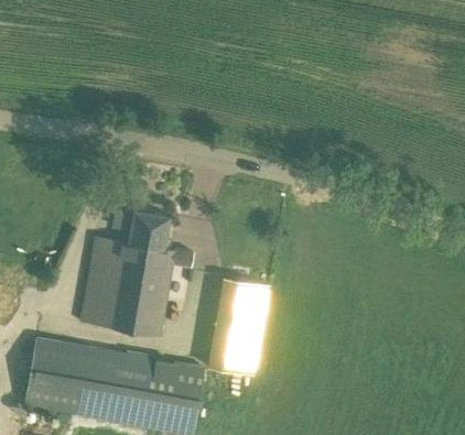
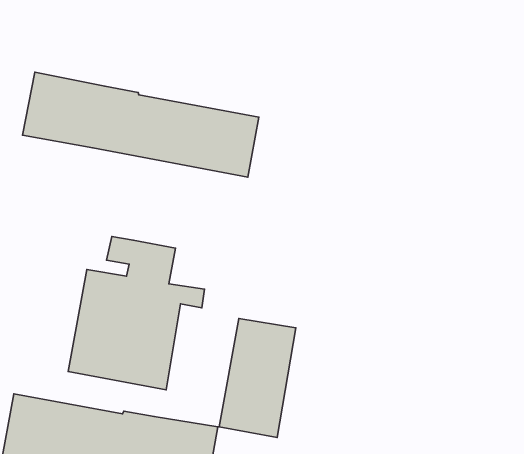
building: none -> [23,72,259,177]

